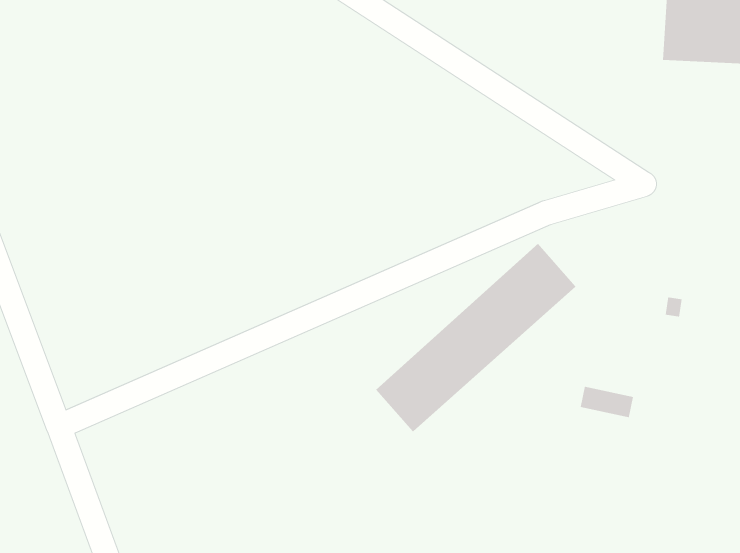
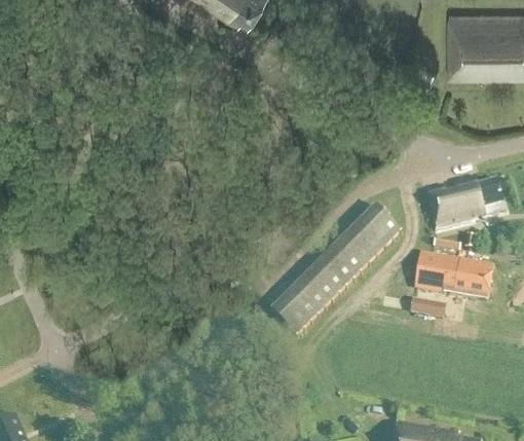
building: none -> [424,173,506,228]
building: none -> [416,251,492,296]

